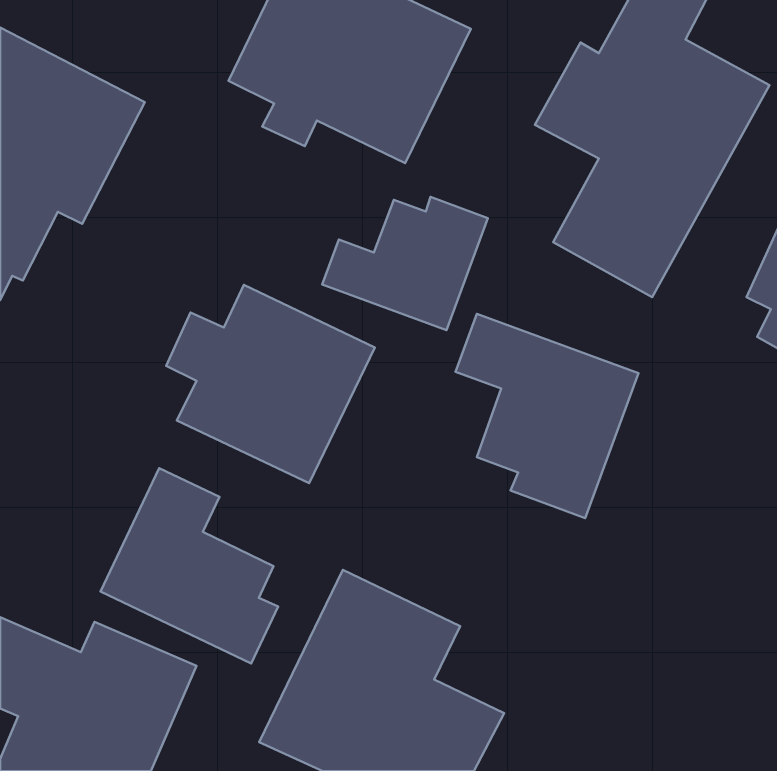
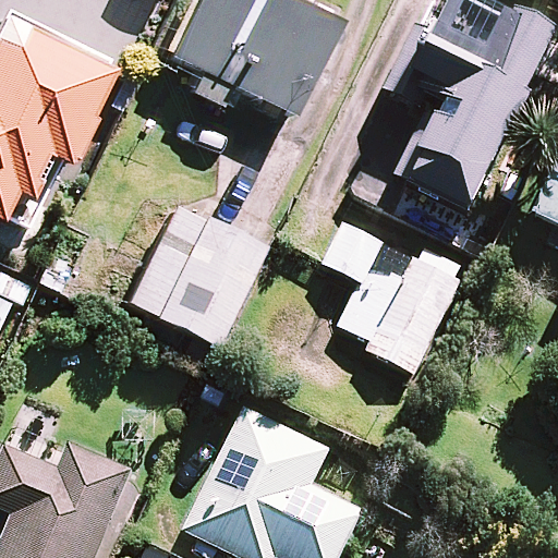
building: [322,197,488,330] -> none
building: [100,468,278,663] -> none

